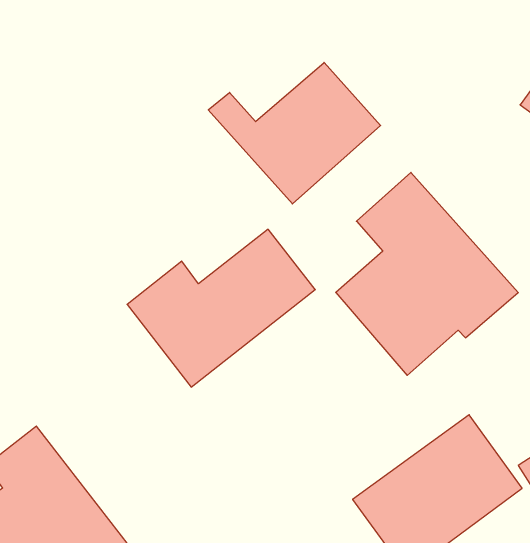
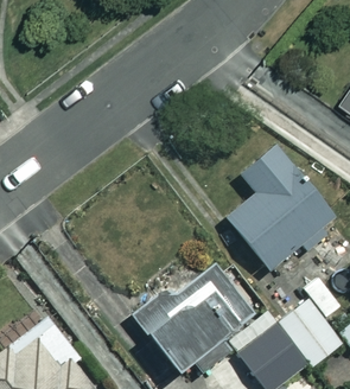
building: [208,62,381,204] -> none
building: [127,229,315,387] -> [129,273,248,372]

